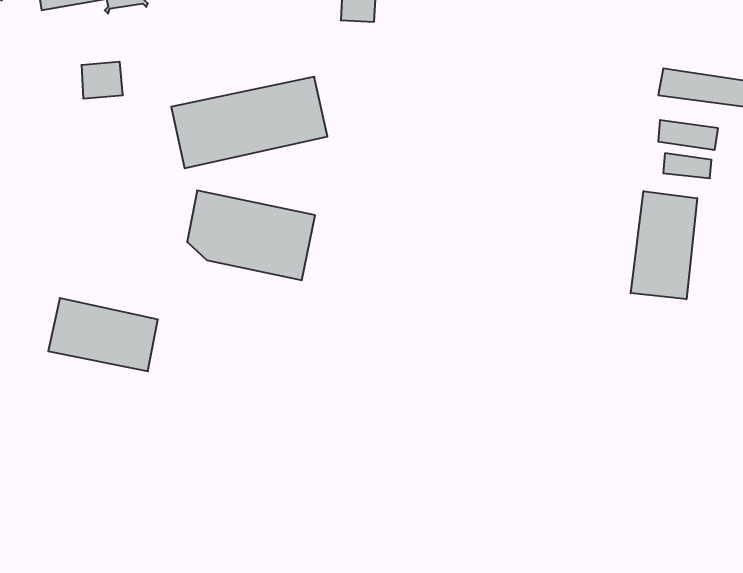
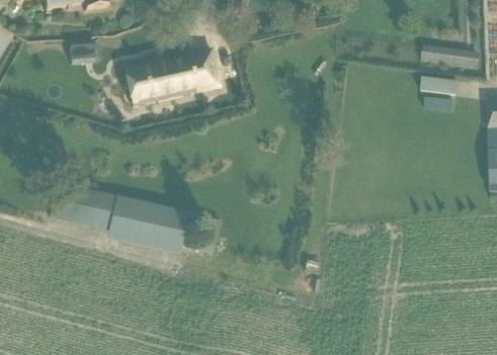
building: [187,190,315,280] -> [110,197,188,252]
building: [631,191,697,299] -> none

